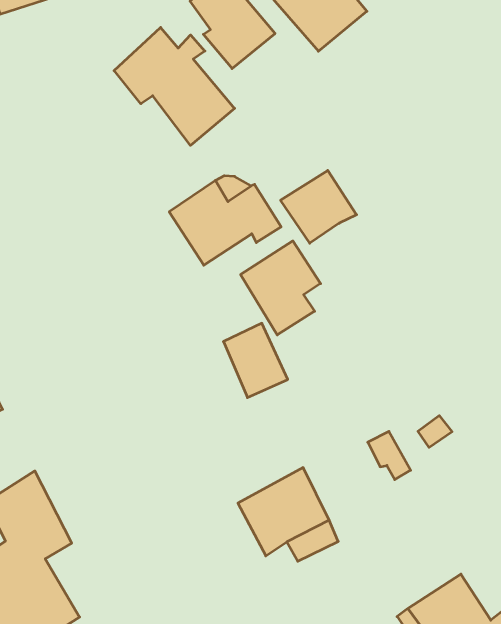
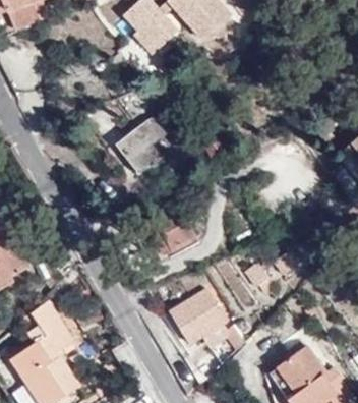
building: [114,27,235,145] -> none
building: [281,170,357,243] -> none
building: [241,241,321,335] -> none

